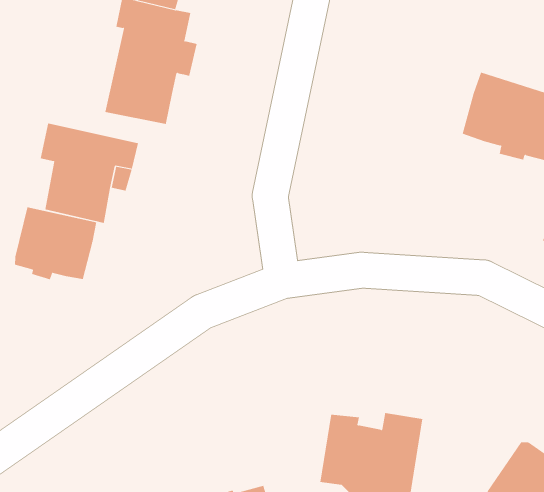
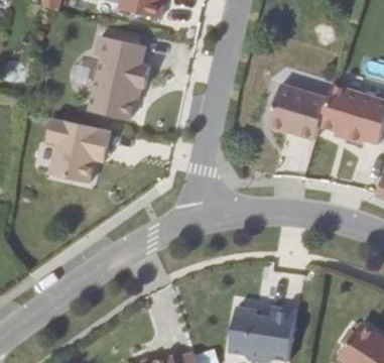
building: none -> [270,85,329,140]
building: [15,206,97,280] -> none

